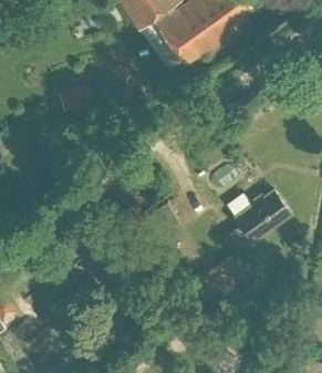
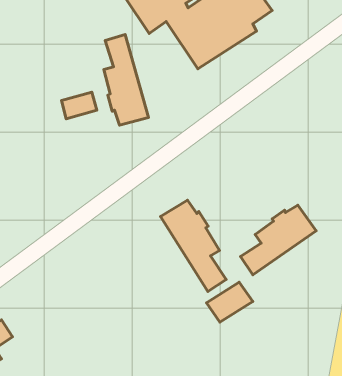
building: none -> [104,34,149,125]
building: none -> [161,200,226,291]

